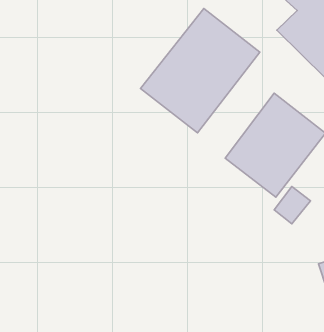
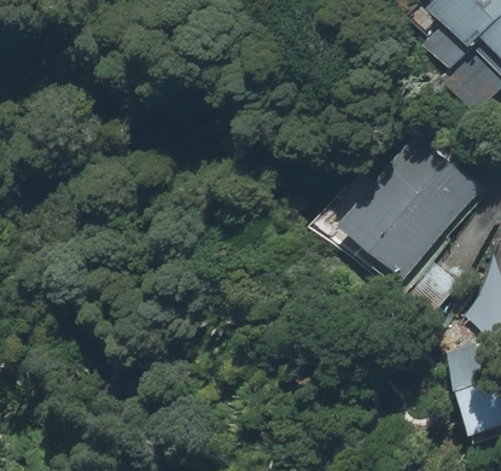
building: [140,9,260,133] -> none

